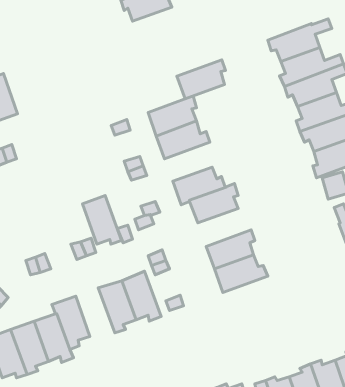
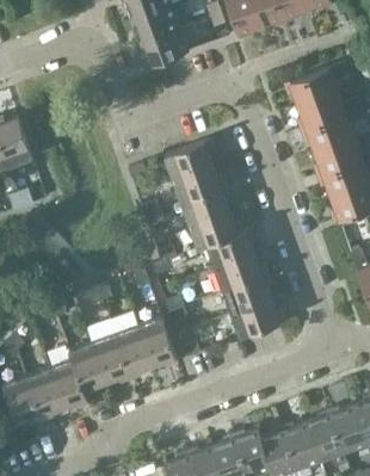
building: [177,60,226,99] -> [180,187,229,227]
building: [82,196,122,244] -> [91,334,130,383]
building: none -> [214,254,267,292]

